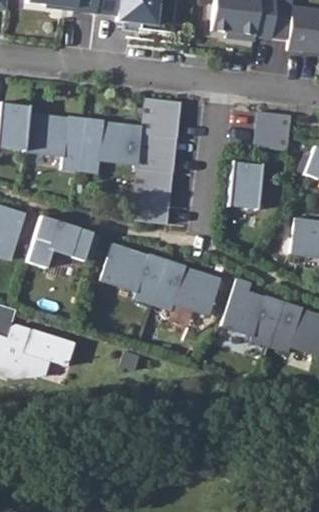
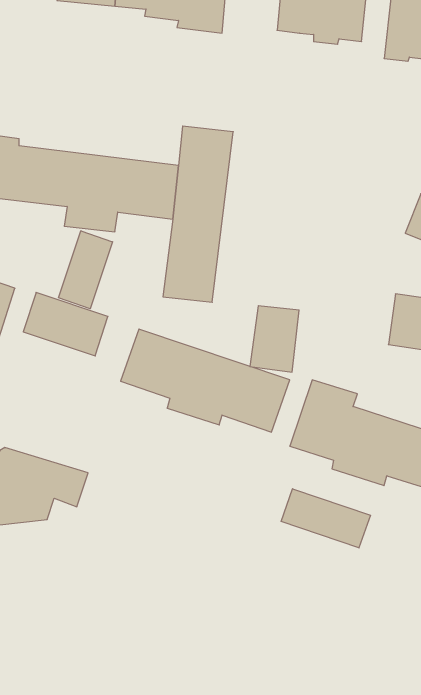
building: [253,111,291,149] -> none
building: [226,162,261,209] -> [250,306,299,372]
building: none -> [59,231,113,309]
building: none -> [281,489,371,548]

